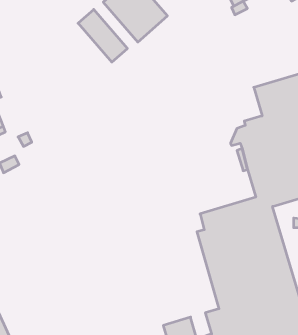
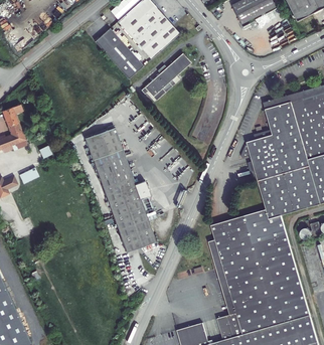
building: none -> [145,53,191,98]
building: none -> [85,127,156,251]

